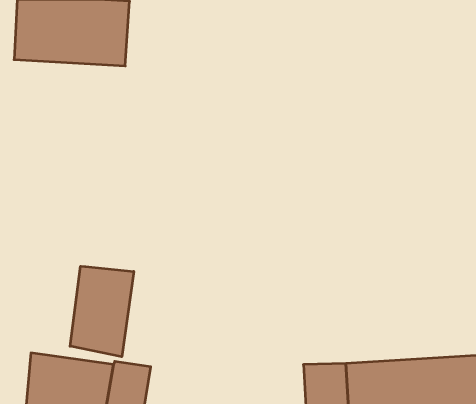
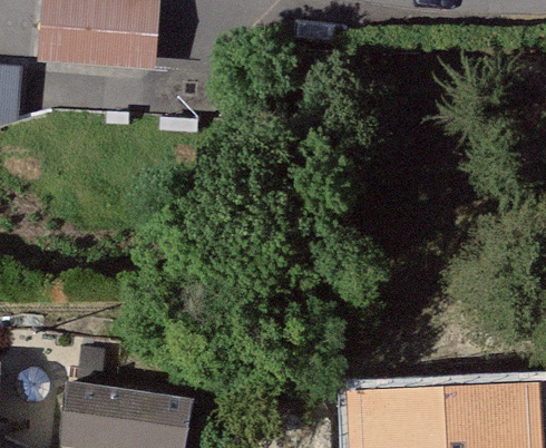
building: [70,266,134,357] -> none

